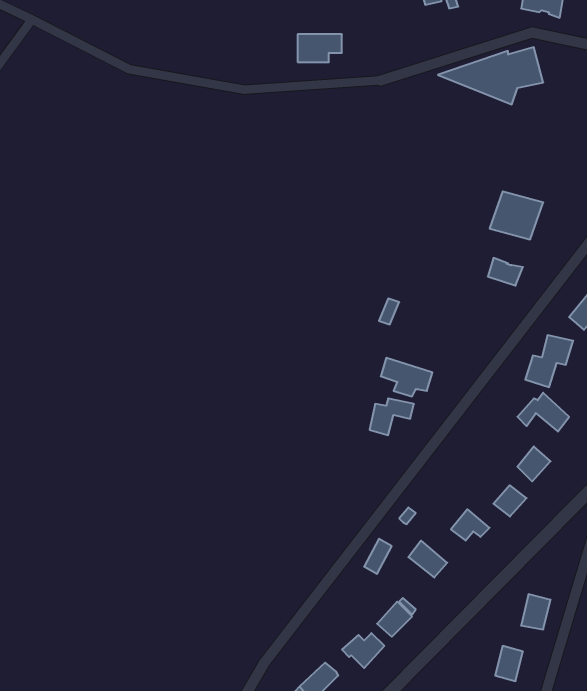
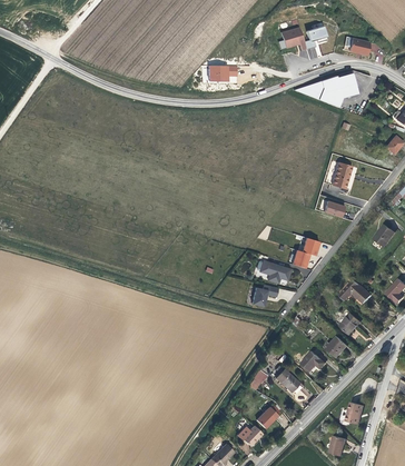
building: [525,335,573,387] -> [292,238,320,269]

